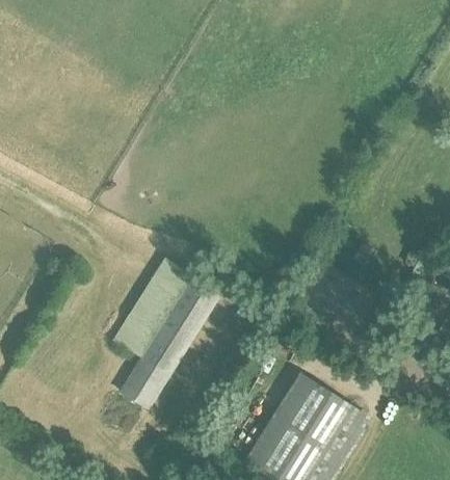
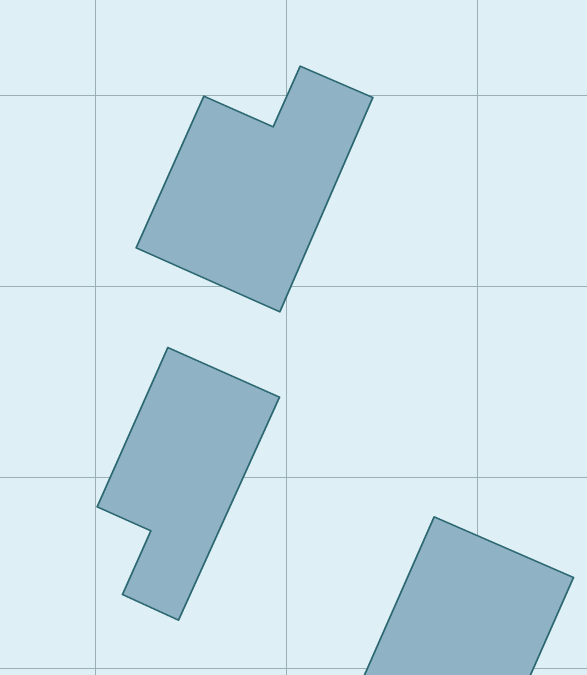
building: none -> [136,66,373,312]

